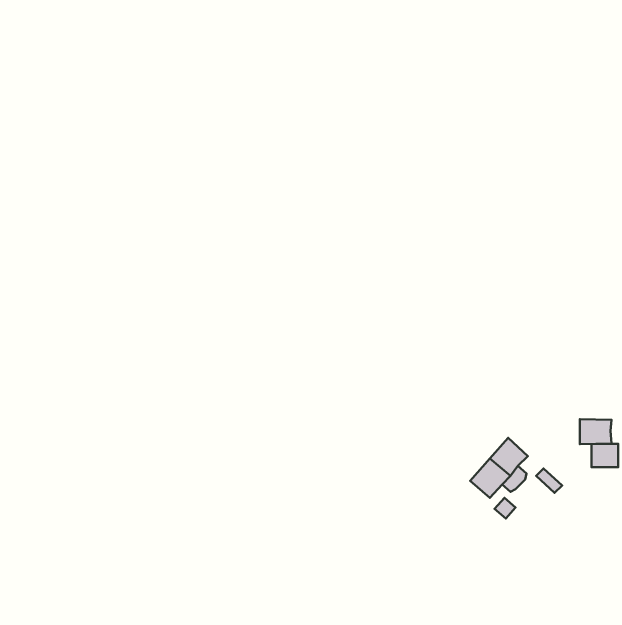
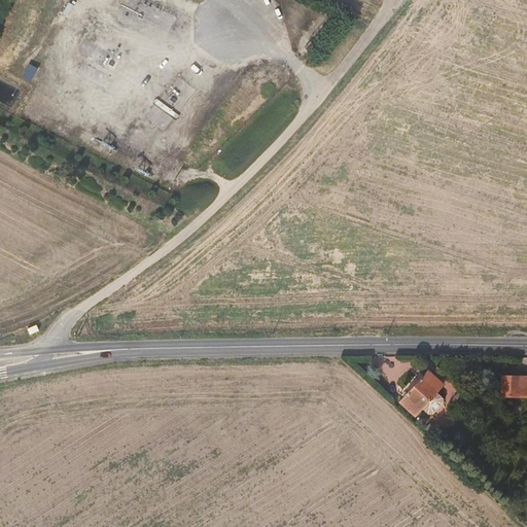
building: [580,419,612,444] -> none

